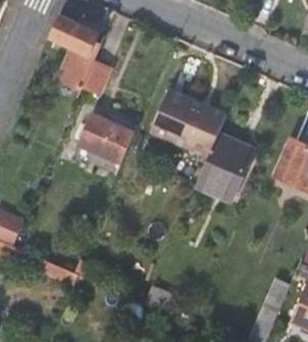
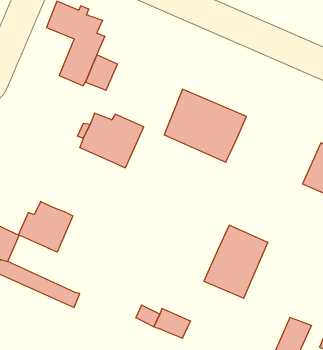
building: [196,134,253,199] -> [204,225,268,298]
building: none -> [18,201,73,252]

